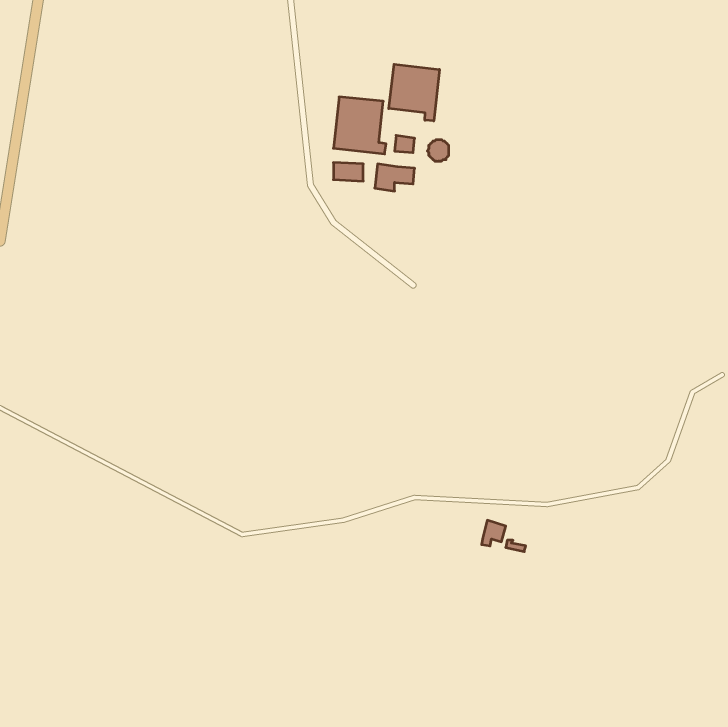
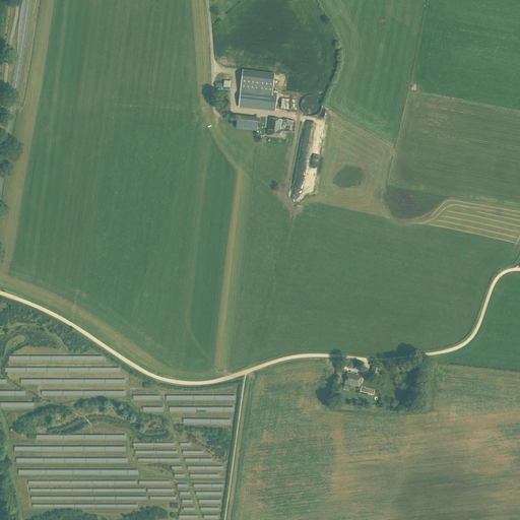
building: [389,64,439,121] -> none

